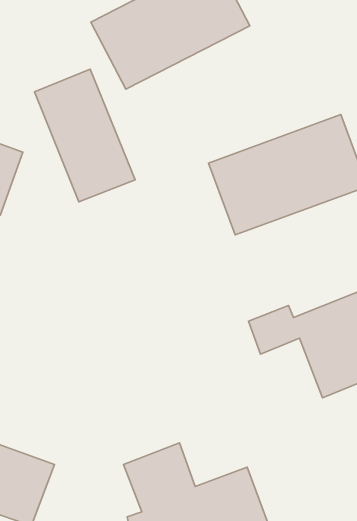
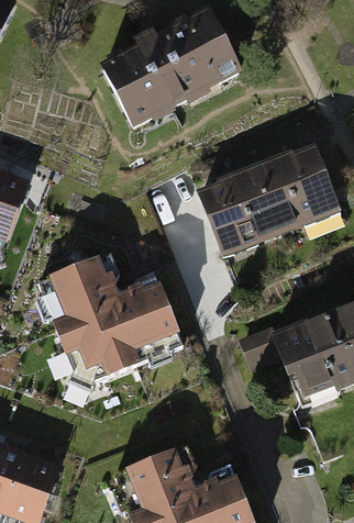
building: [35,69,135,202] -> none
building: none -> [47,259,175,374]

